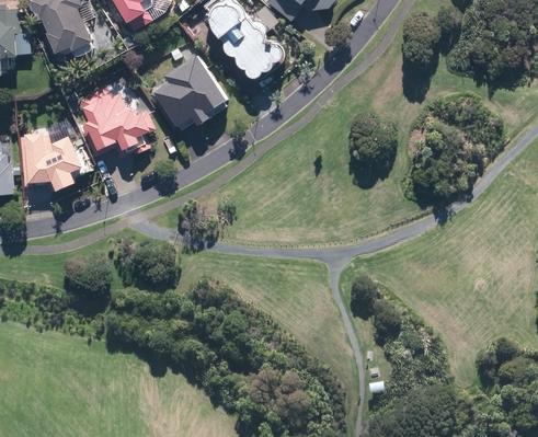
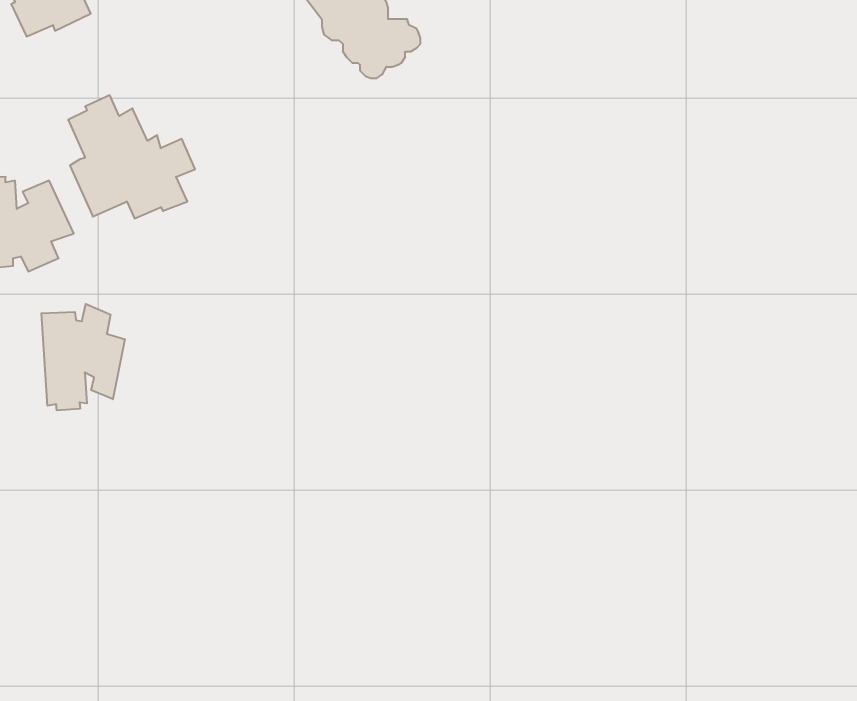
building: [149,55,226,130] -> none
building: none -> [41,304,125,410]

